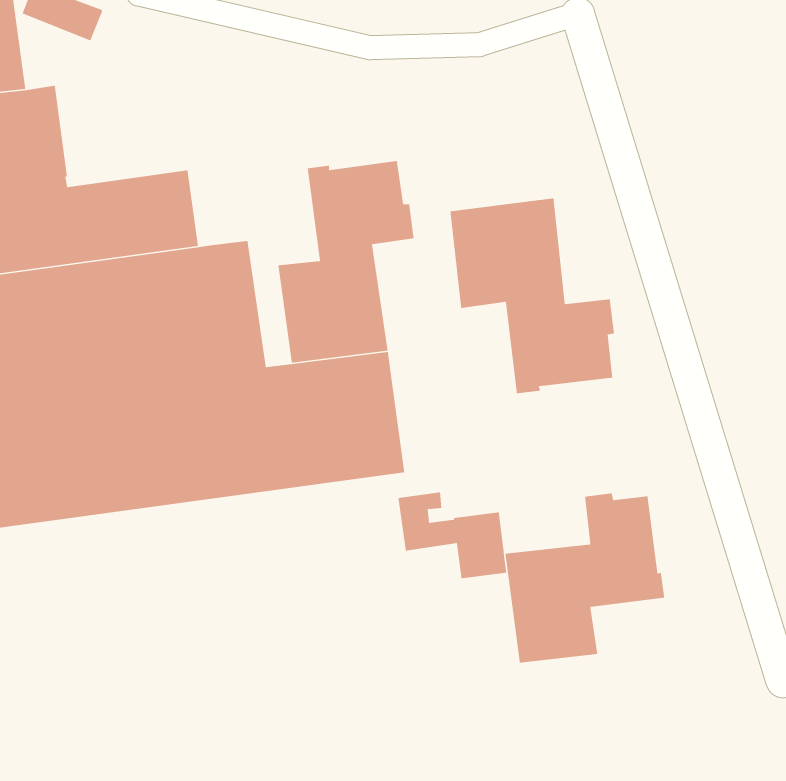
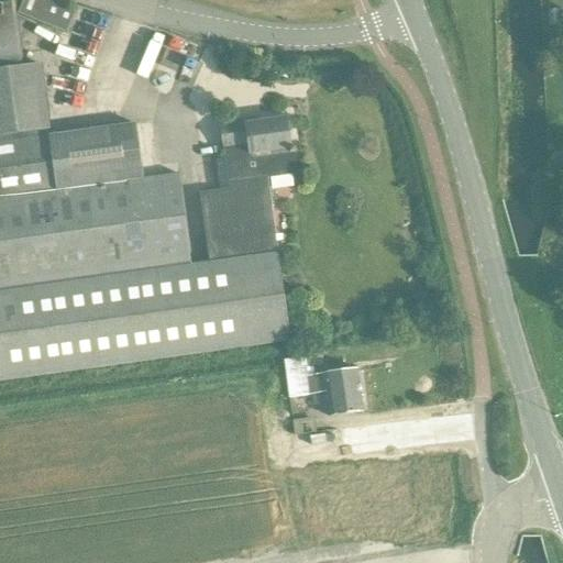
building: [450,198,615,394] -> none
building: [505,493,665,664] -> none

